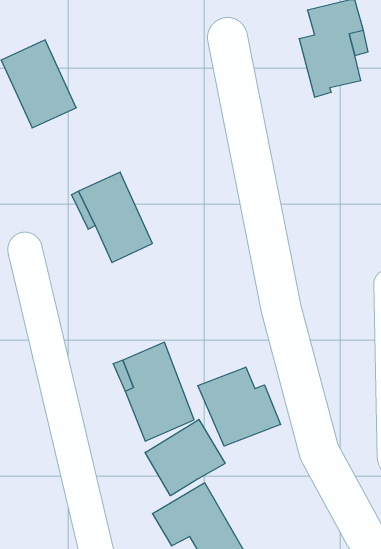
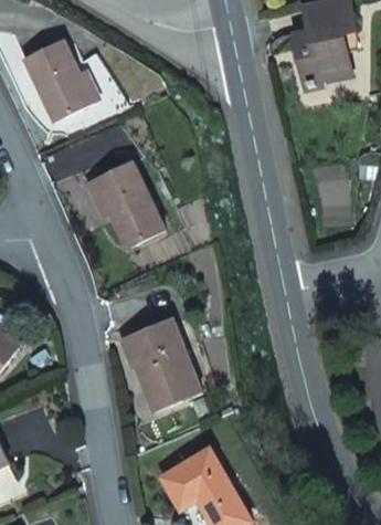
building: [198,367,281,446] -> none
building: [145,419,225,496] -> none

